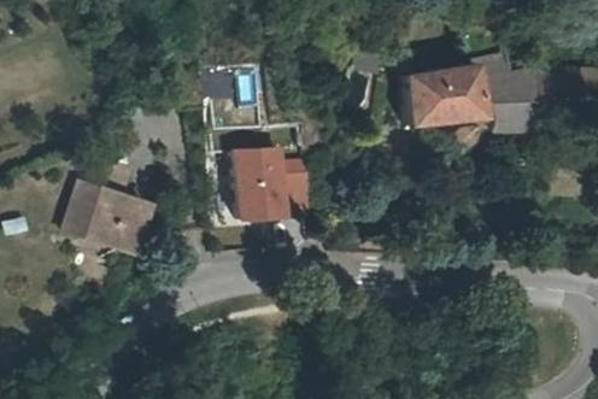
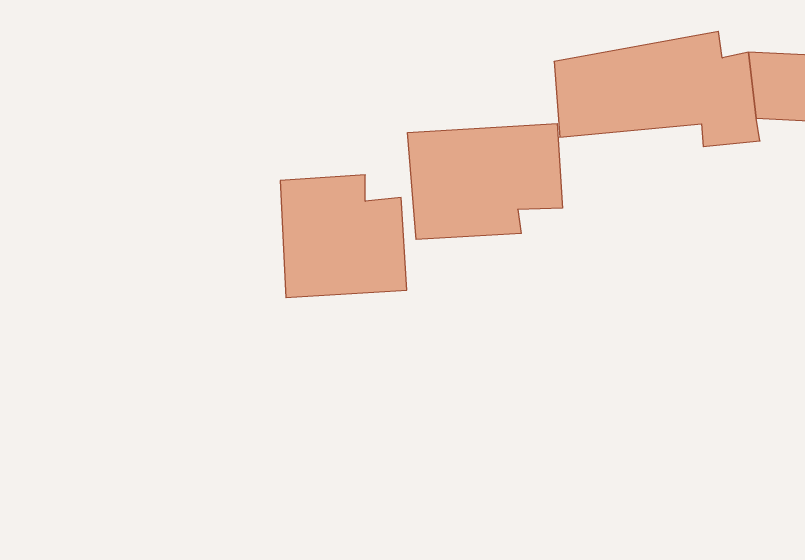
building: none -> [408,124,562,239]
building: [61,176,151,245] -> none

